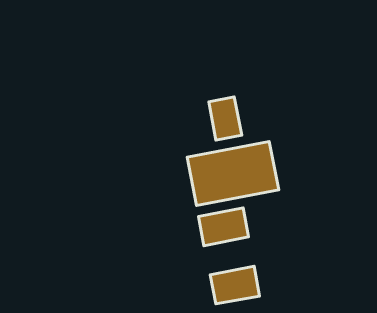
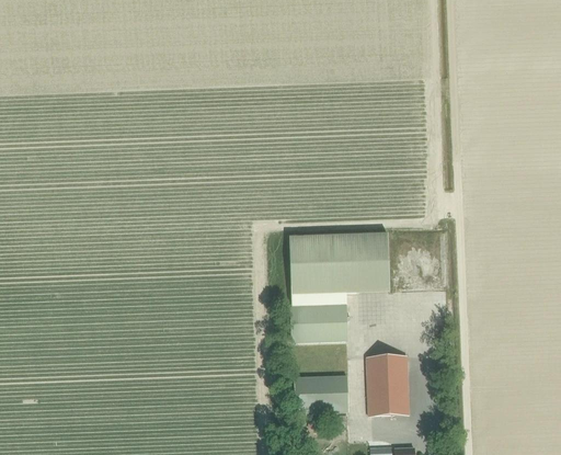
building: [209,97,242,140] -> none
building: none -> [366,354,408,414]

